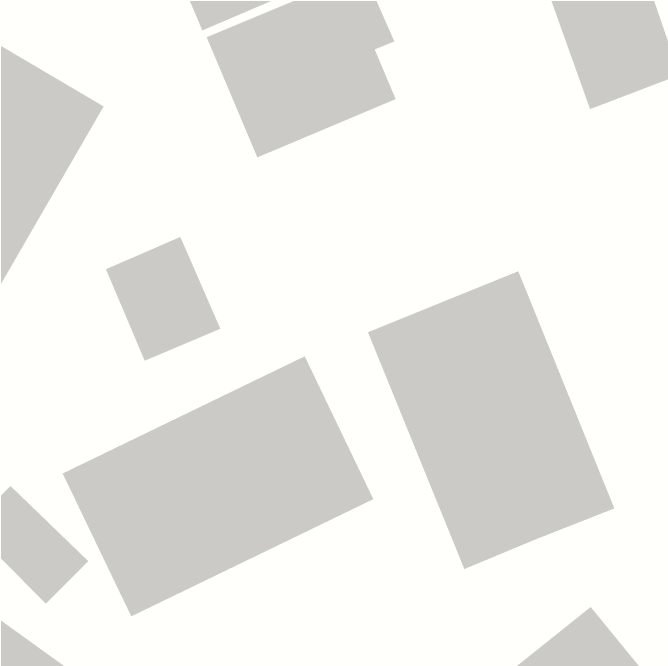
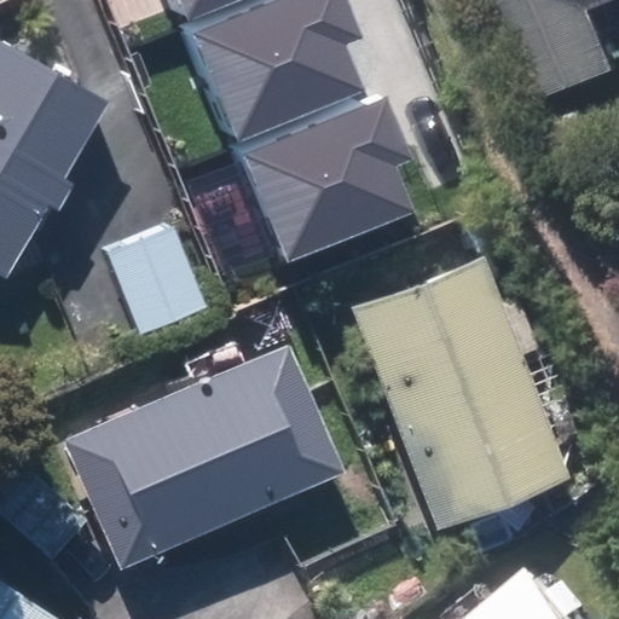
building: none -> [239,96,416,270]

